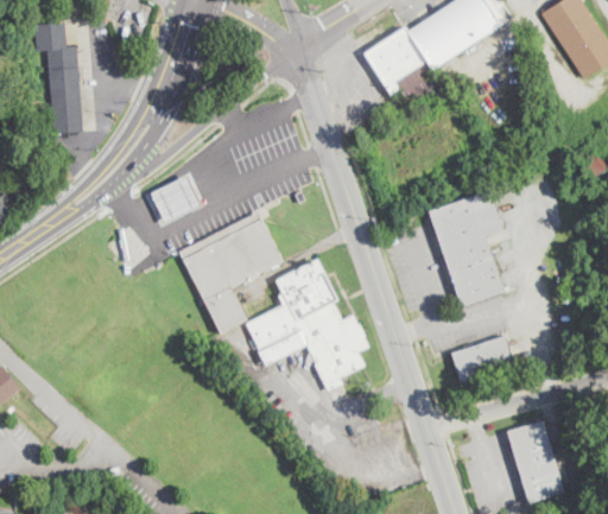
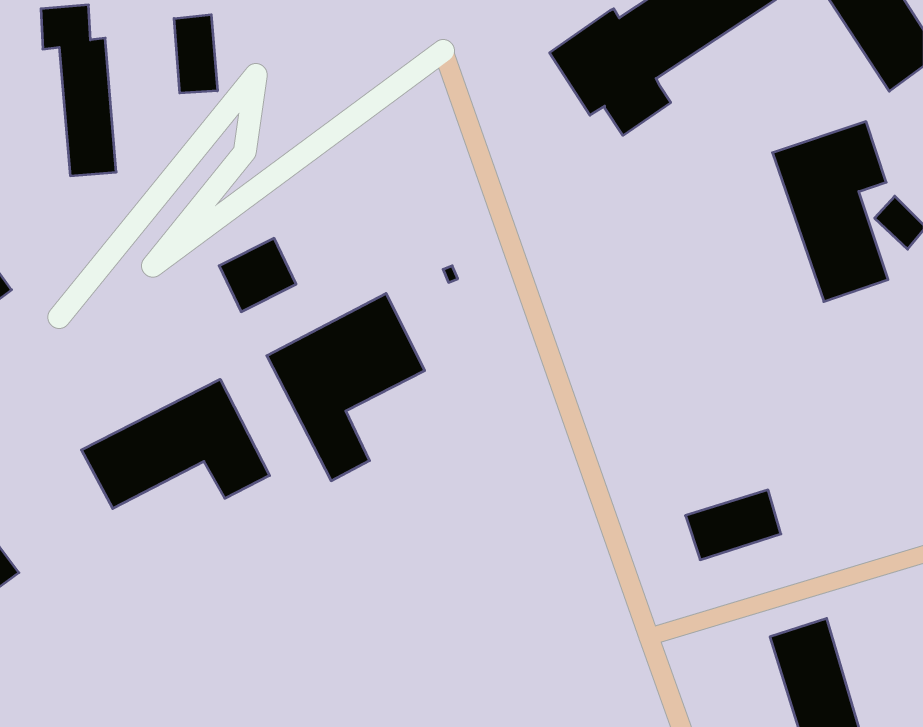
building: none -> [174,15,217,93]
building: [429,190,504,306] -> [772,122,888,302]
building: [243,255,369,393] -> none
building: none -> [81,379,270,509]

